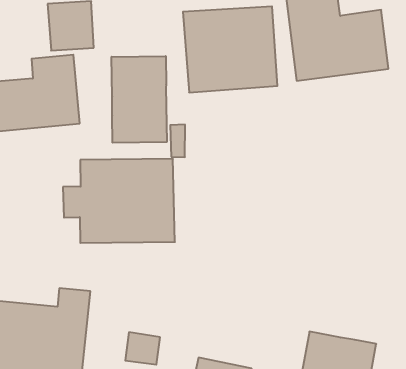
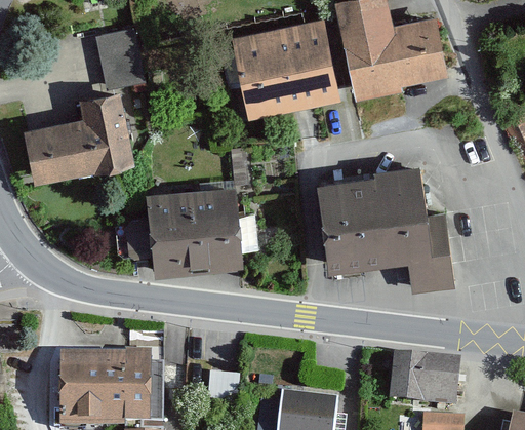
building: [112,56,167,143] -> none
building: none -> [321,159,455,288]

